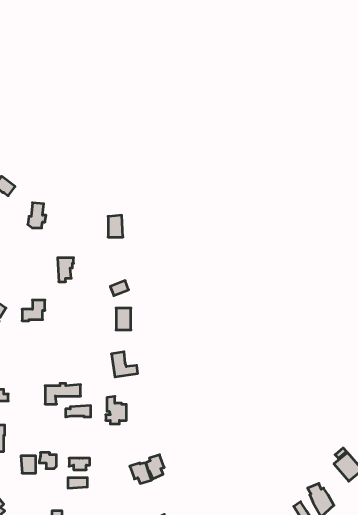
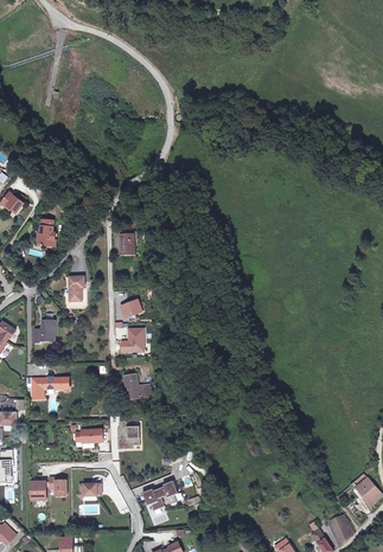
building: [45,383,81,404] -> [32,376,69,397]

